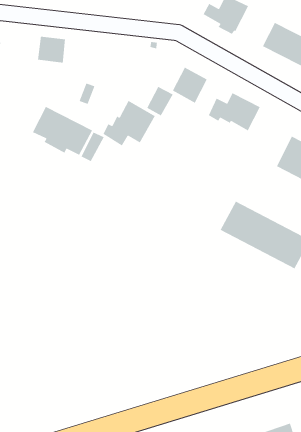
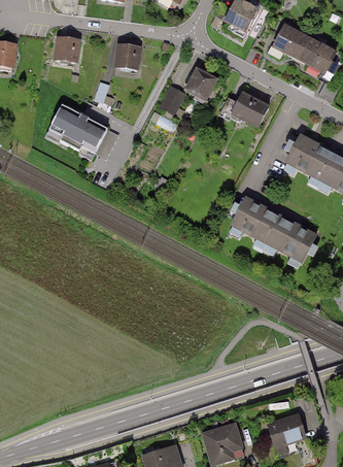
building: none -> [113,43,141,71]
building: [103,100,156,146] -> none

